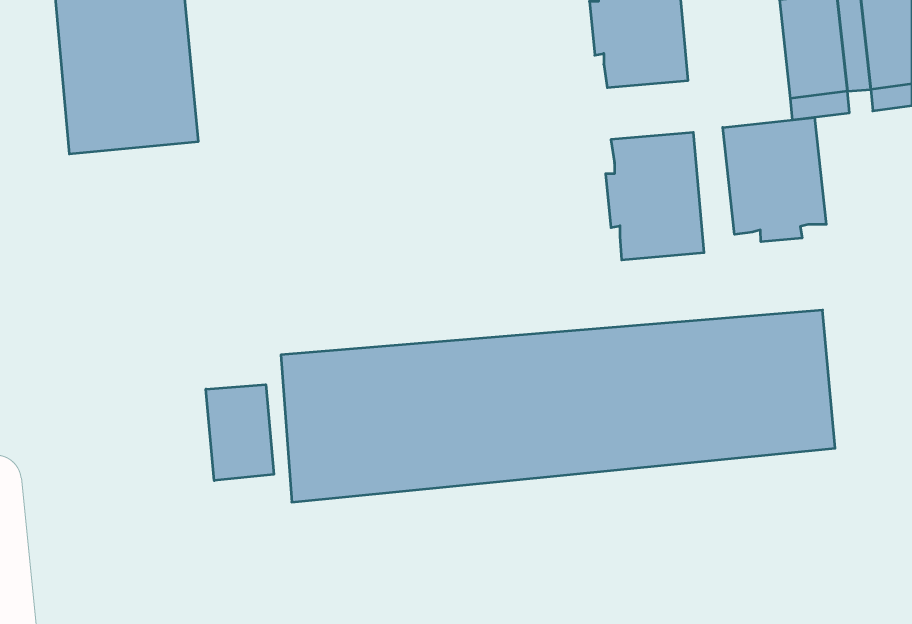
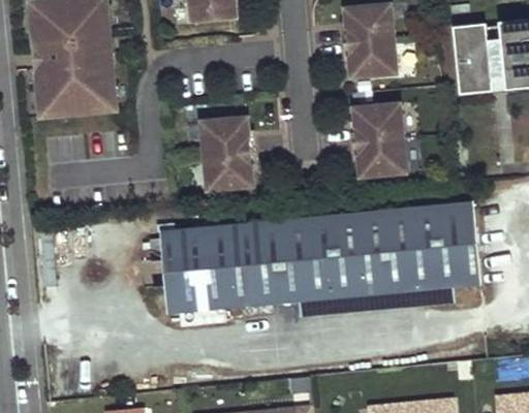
building: [723,117,826,242] -> none
building: none -> [200,116,256,190]
building: [206,385,274,481] -> none

